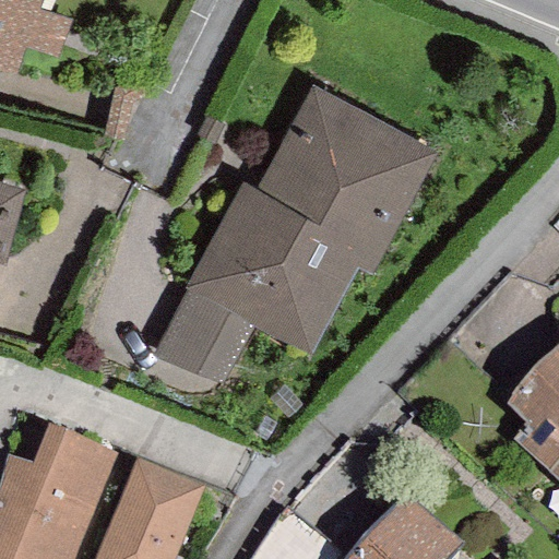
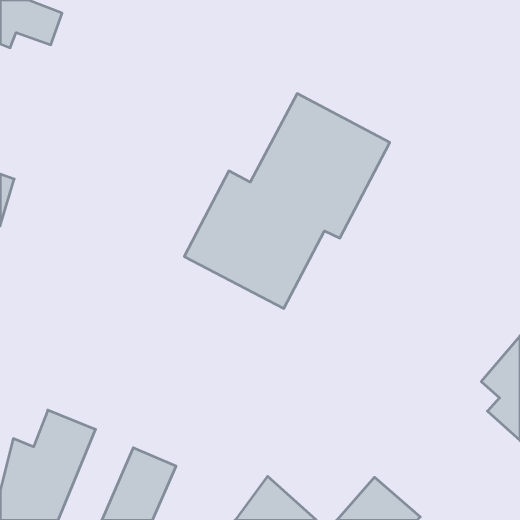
building: [158,287,248,379] -> none

